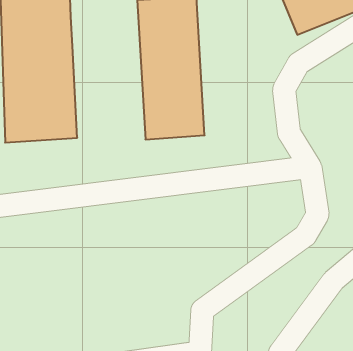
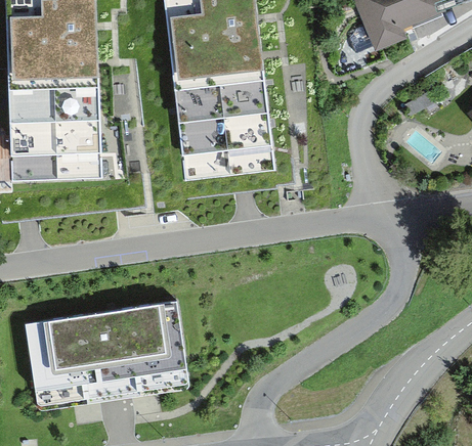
building: none -> [25,300,187,402]

